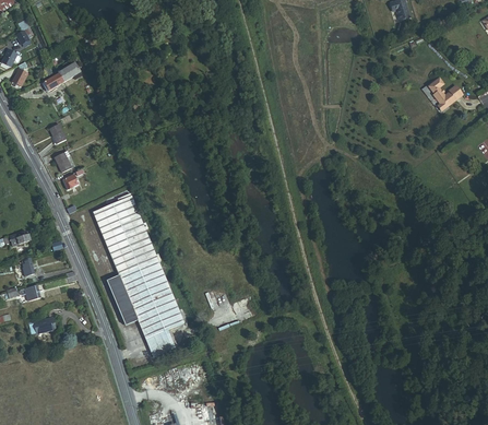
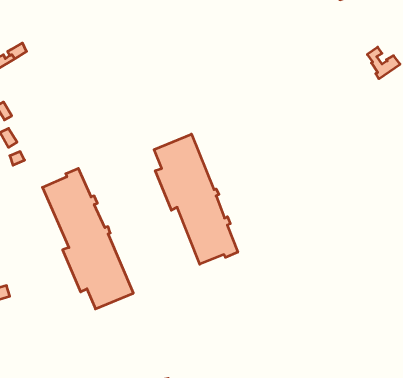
building: none -> [154,134,238,264]

